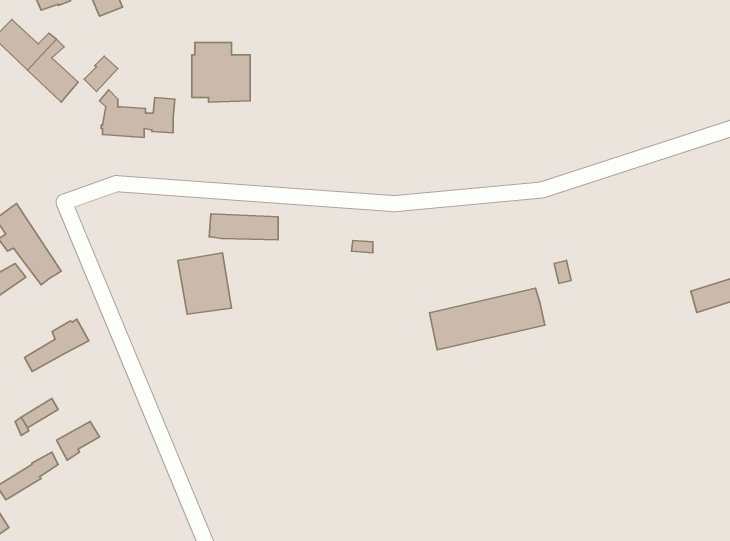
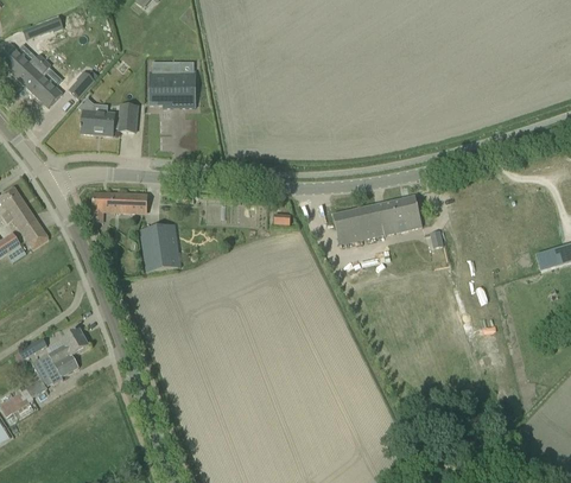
building: [209,214,278,240] -> [93,192,146,212]
building: [430,288,545,350] -> [332,196,421,243]
building: [24,319,89,371] -> [39,329,89,369]

